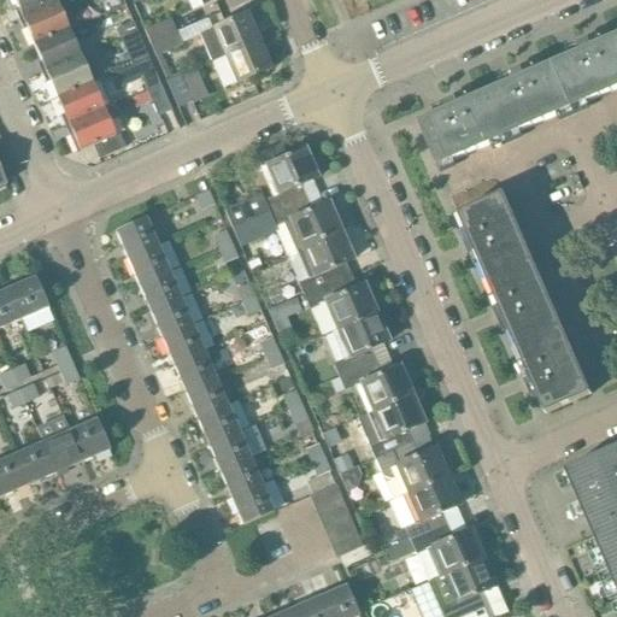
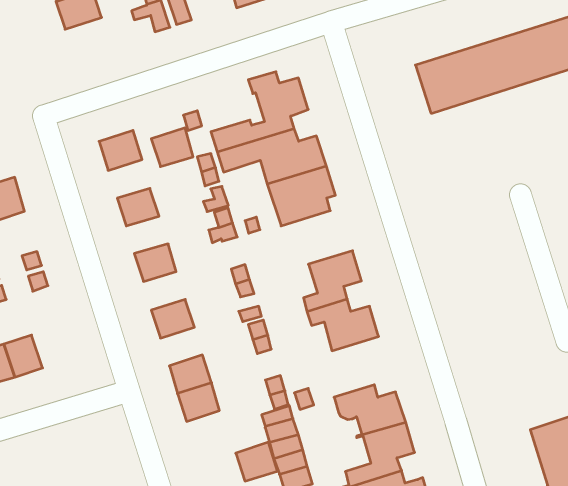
building: [69,102,127,155] -> none
building: [459,189,593,410] -> none
building: [127,241,170,282] -> [151,128,193,167]
building: [304,271,377,327] -> none
building: [151,295,194,335] -> none
building: [174,348,217,389] -> none
building: [368,390,425,456] -> none
building: [196,401,240,442] -> none
building: [69,415,110,458] -> none
building: [231,481,275,522] -> [236,442,278,481]

